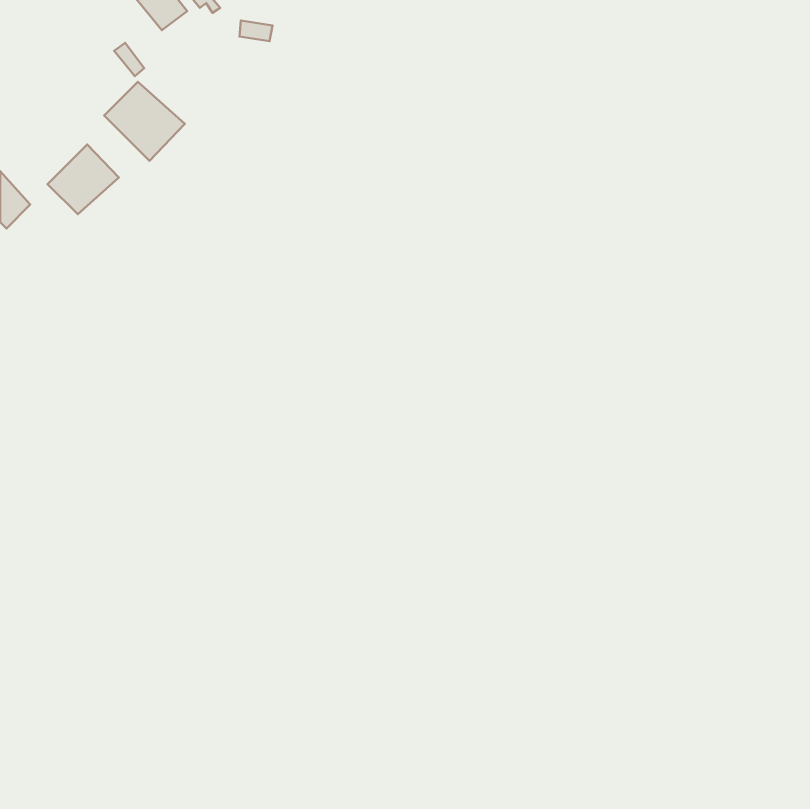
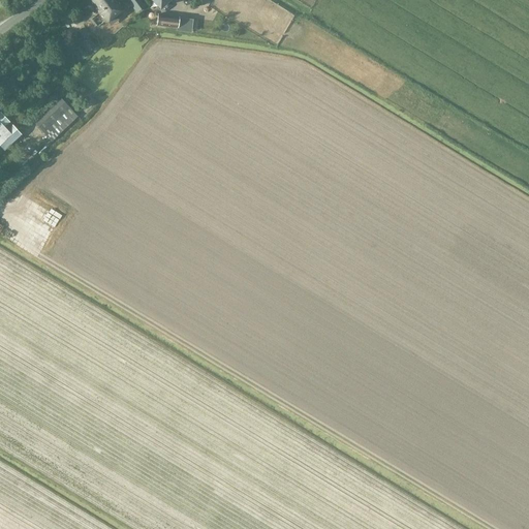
building: [104,82,185,161] -> none

